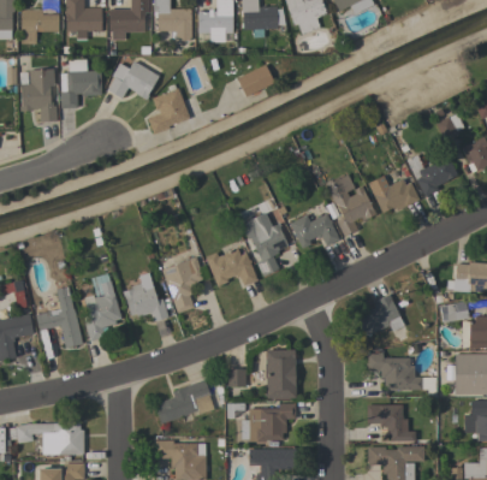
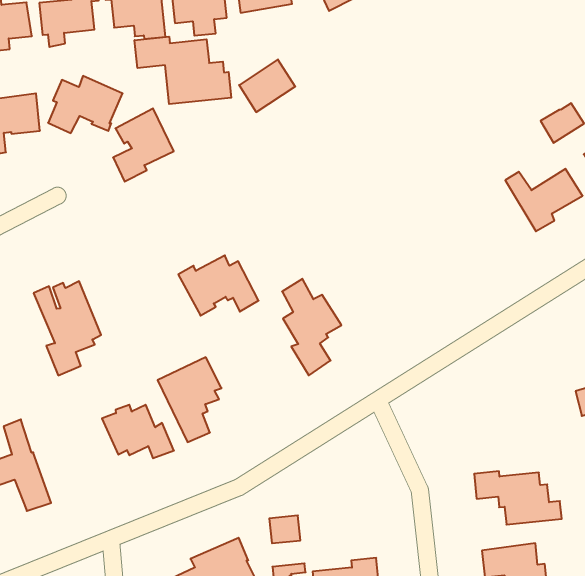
building: none -> [135,37,231,104]
building: [326,174,376,236] -> none
building: [373,178,420,212] -> none
building: [290,214,339,248] -> none
building: [206,248,257,286] -> [178,255,259,316]
building: [79,280,121,342] -> [34,281,101,375]
building: [354,295,409,338] -> none
building: [266,350,296,398] -> none

